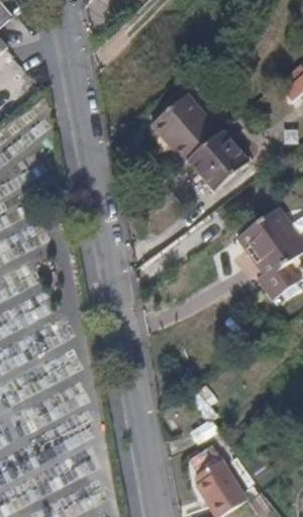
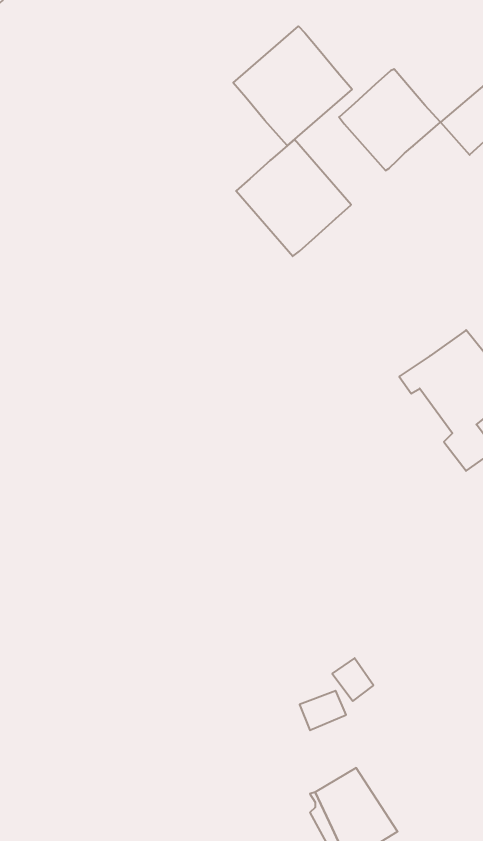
building: none -> [233,26,352,146]
building: [187,131,246,191] -> [339,69,440,170]

